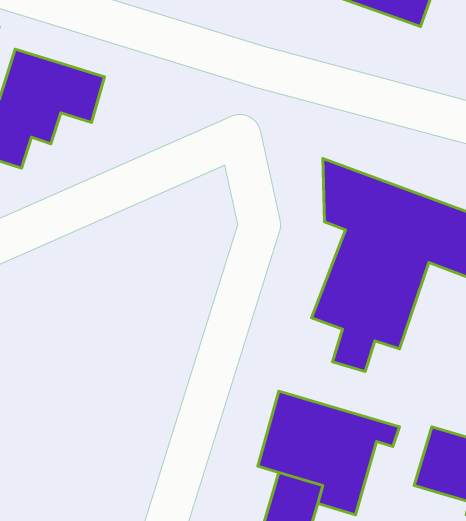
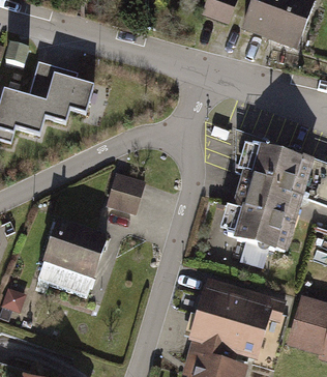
building: none -> [105,170,145,212]
building: none -> [38,221,105,293]

